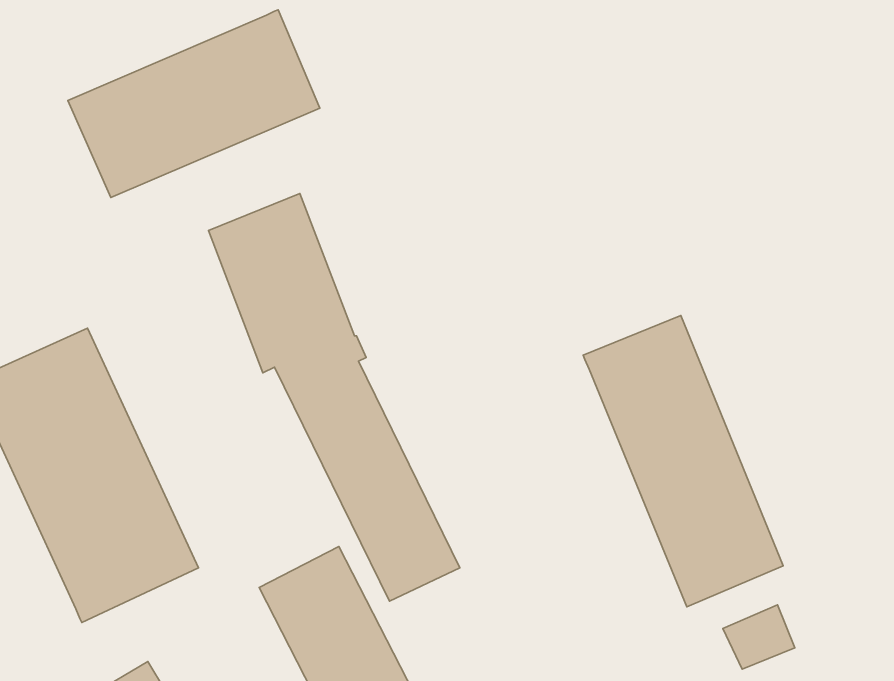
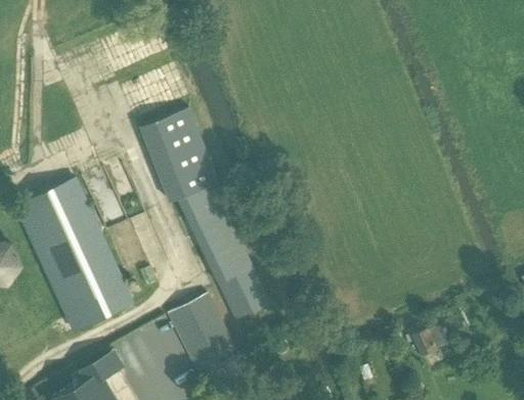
building: [68,10,320,198] -> none
building: [583,316,783,607] -> none

